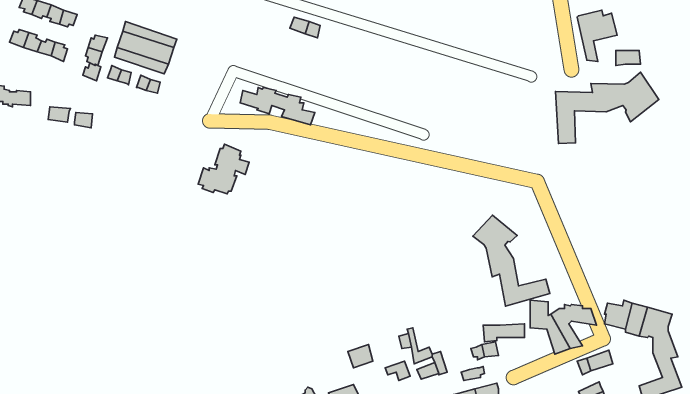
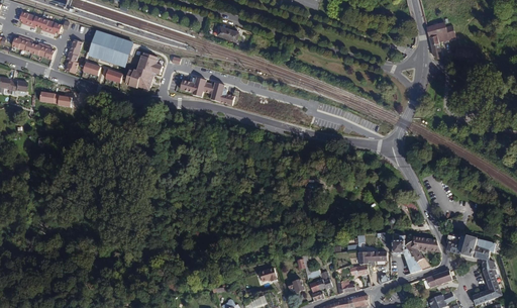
building: [555,72,659,144] -> none
building: [198,144,249,194] -> [124,52,162,88]
building: [473,215,550,306] -> none

